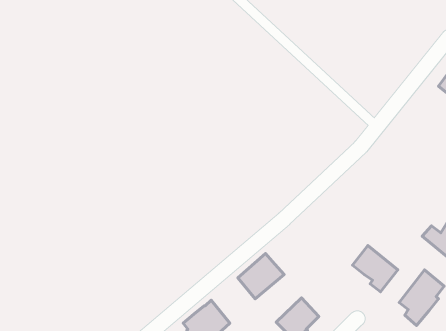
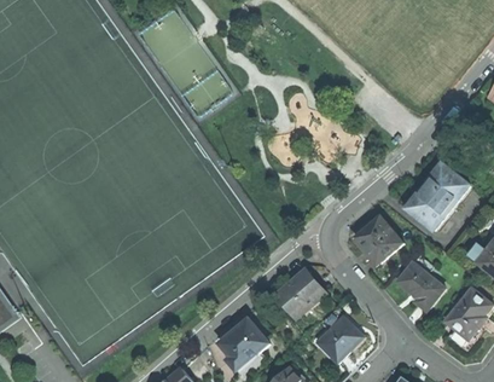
building: none -> [406,163,467,230]
building: none -> [353,216,401,264]

